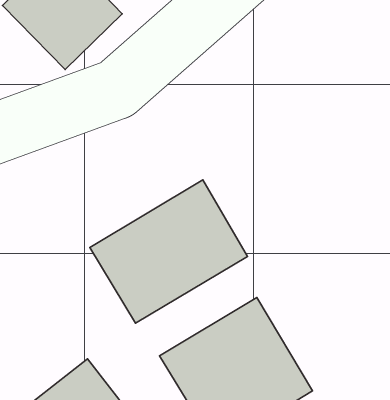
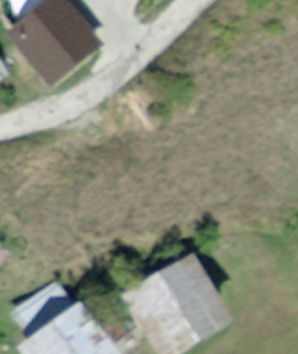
building: [90,180,248,323] -> none

